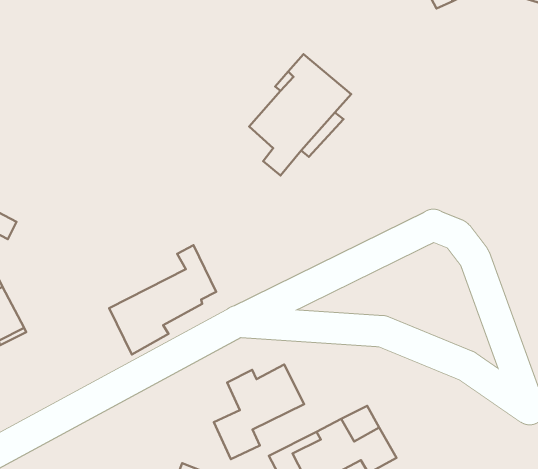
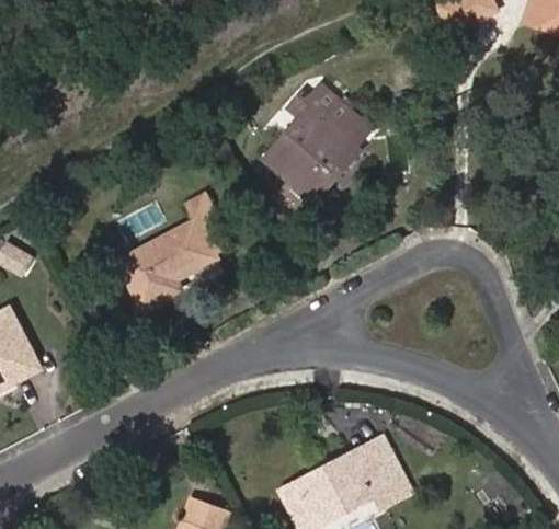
building: [109,245,216,355] -> [118,193,227,303]
building: [214,365,304,459] -> none

